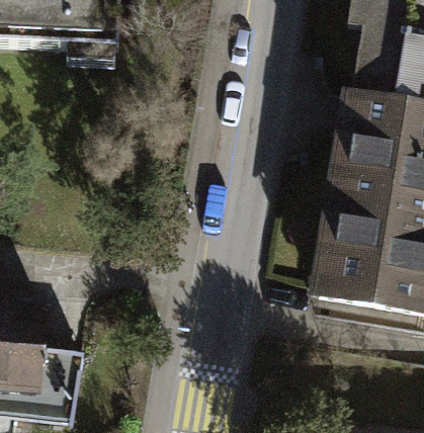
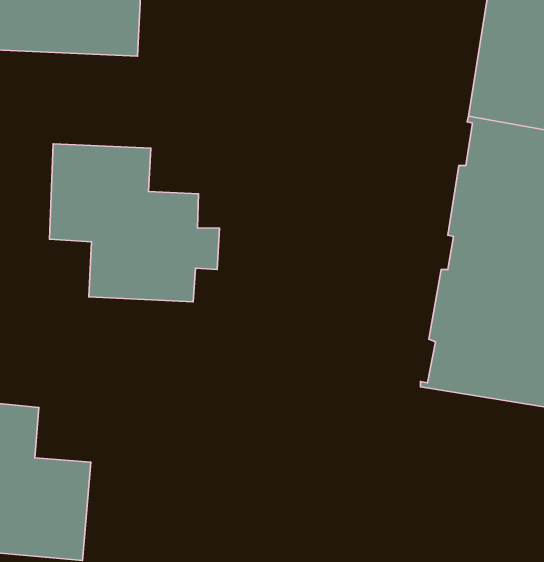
building: none -> [50,144,219,302]

